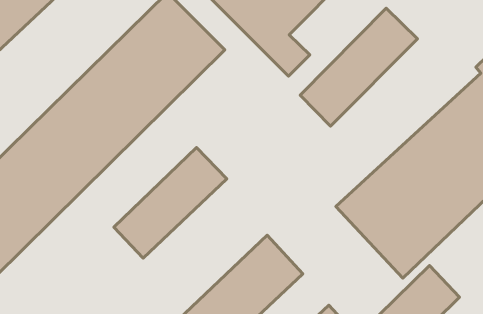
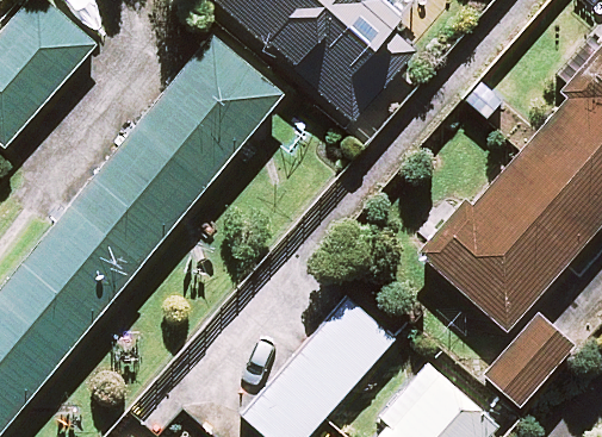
building: [300,8,418,126] -> none
building: [114,147,227,258] -> none

